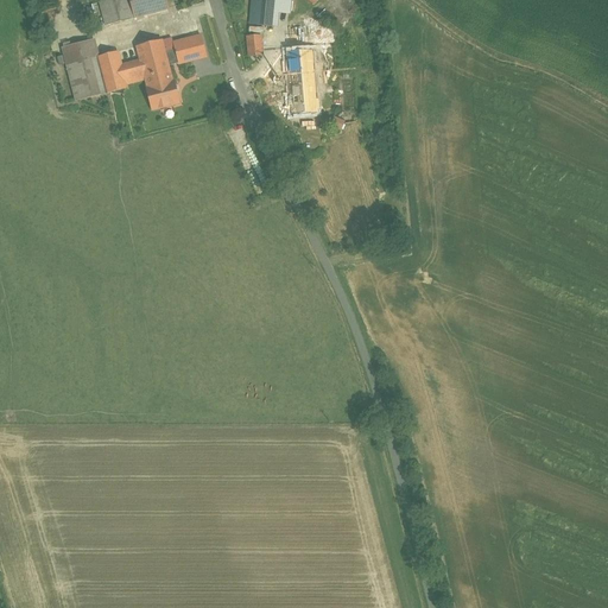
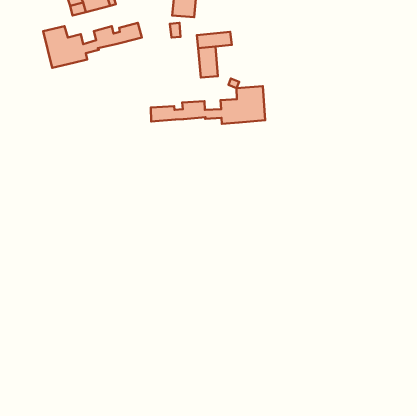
building: [142,64,179,108] -> none
building: none -> [151,86,265,124]

